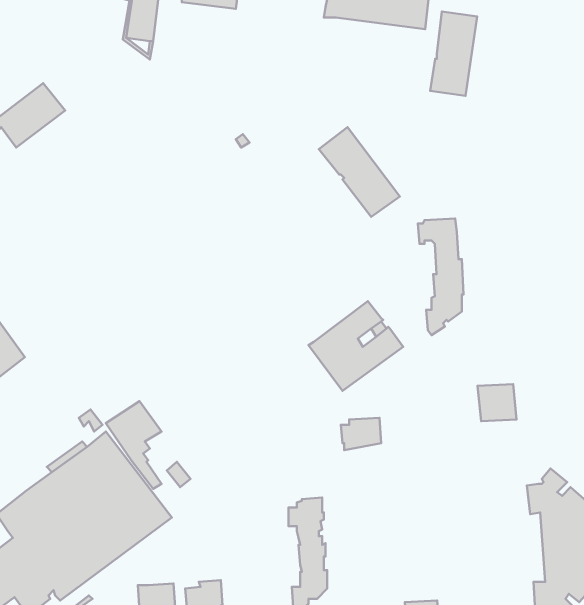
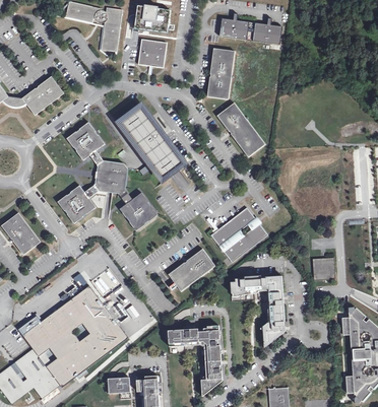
building: [430,11,477,96] -> [206,48,235,98]
building: none -> [138,39,167,67]
building: none -> [115,103,186,184]
building: none -> [57,122,158,230]
building: [418,218,463,335] -> [257,275,285,345]
building: none -> [168,248,214,290]
building: none -> [168,328,200,344]

